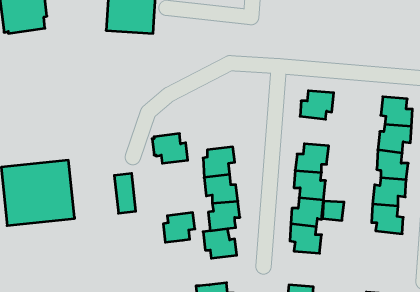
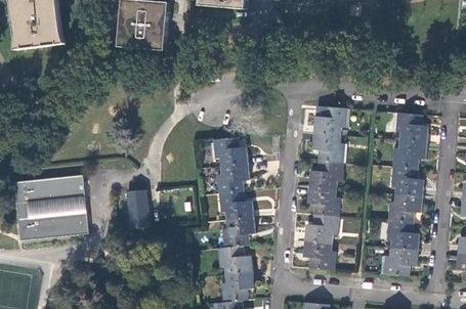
building: none -> [313,132,345,162]
building: [152,134,188,163] -> [211,136,247,166]
building: [163,213,195,242] -> [221,271,253,301]
building: none -> [383,247,417,276]

